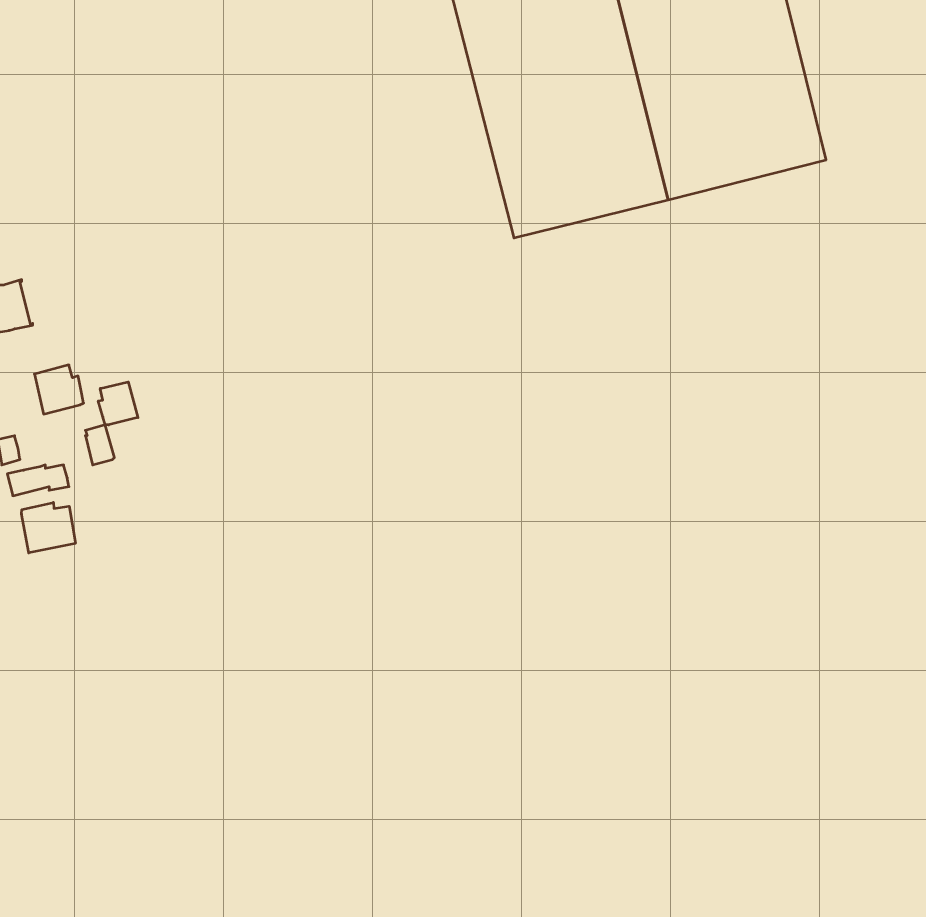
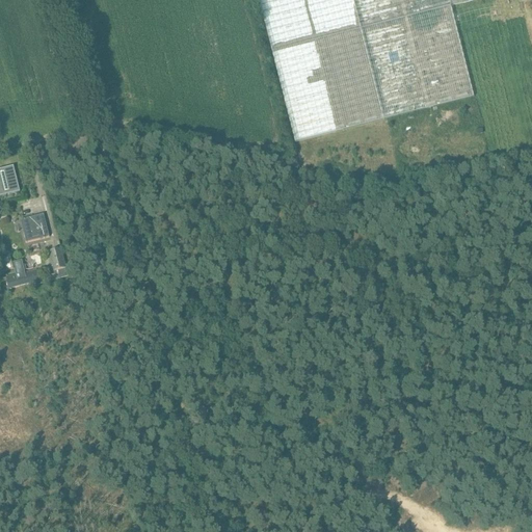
building: [98,382,138,425] -> none
building: [22,502,75,553] -> none

